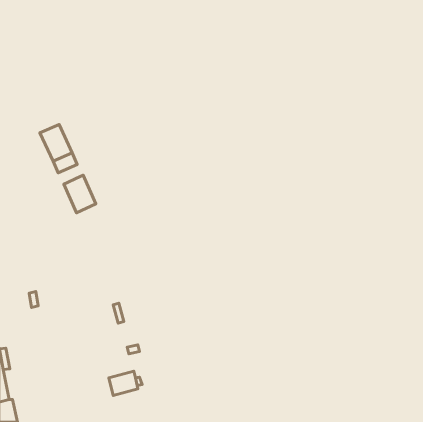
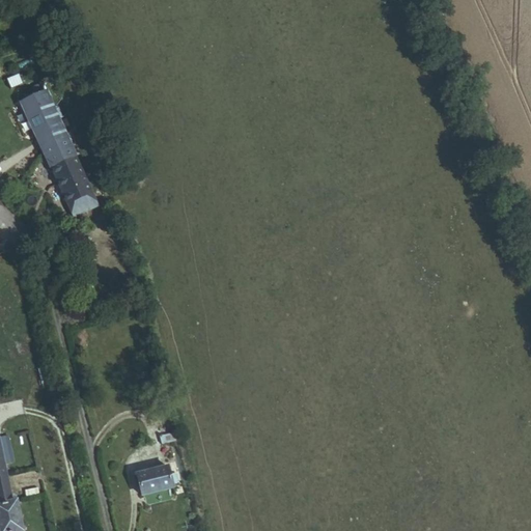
building: none -> [20,89,74,166]
building: [64,175,96,213] -> none

